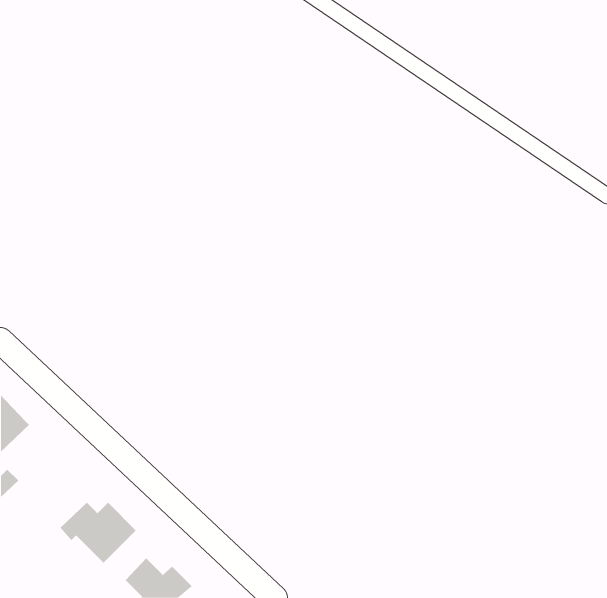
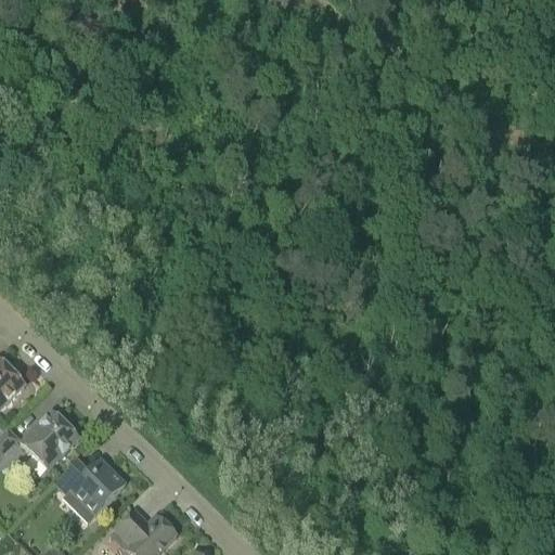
building: none -> [20,411,78,469]

